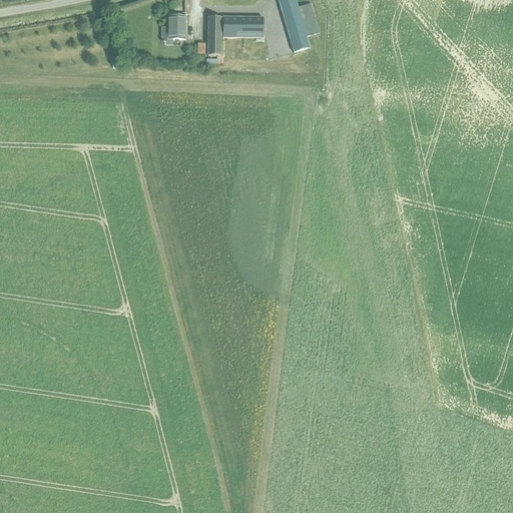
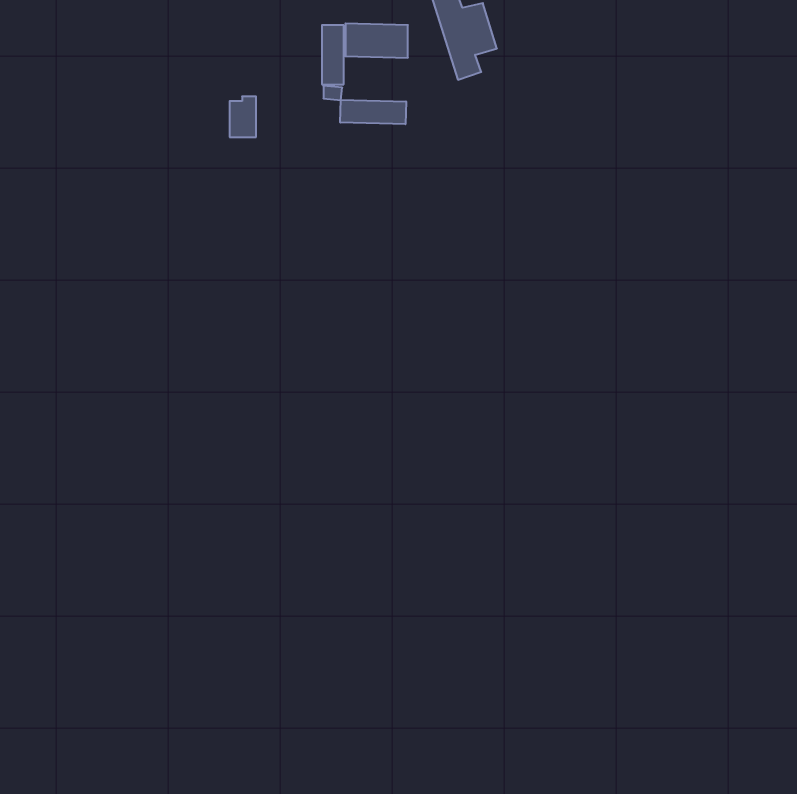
building: [167,12,184,38] -> [230,96,256,137]
building: none -> [340,100,406,124]

